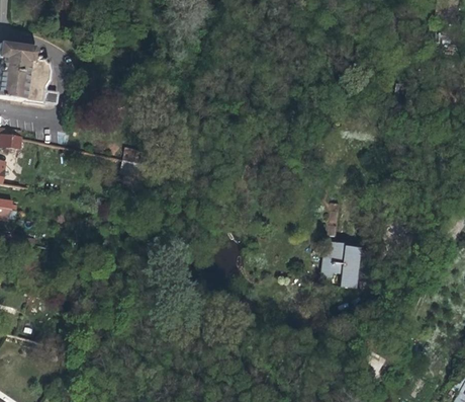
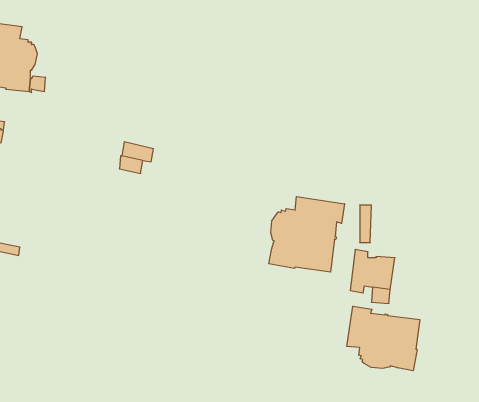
building: none -> [269,197,345,272]
building: none -> [347,306,420,371]

